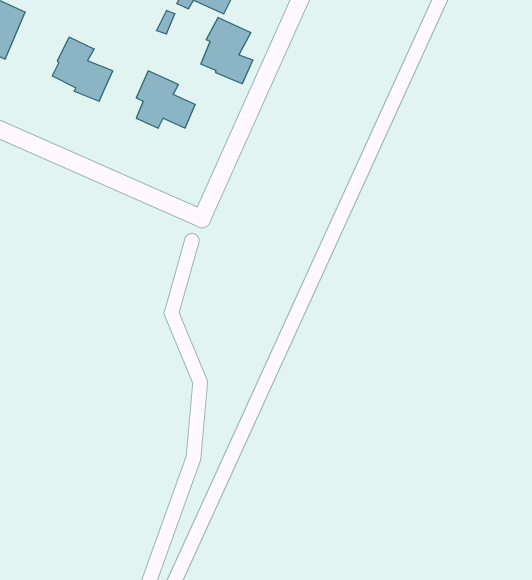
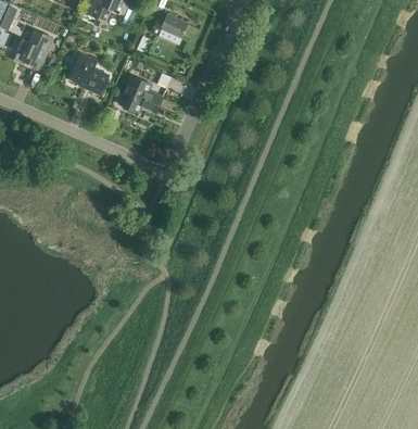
building: [201,17,253,84] -> none

